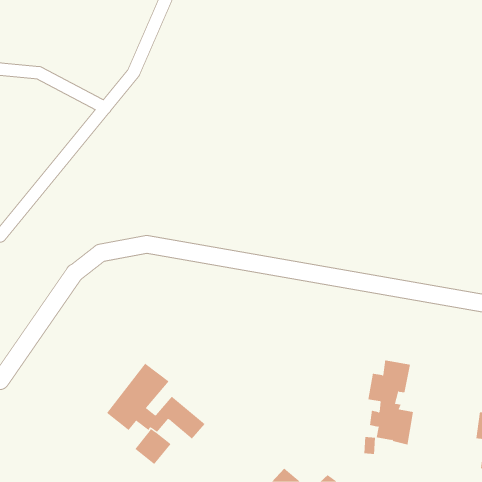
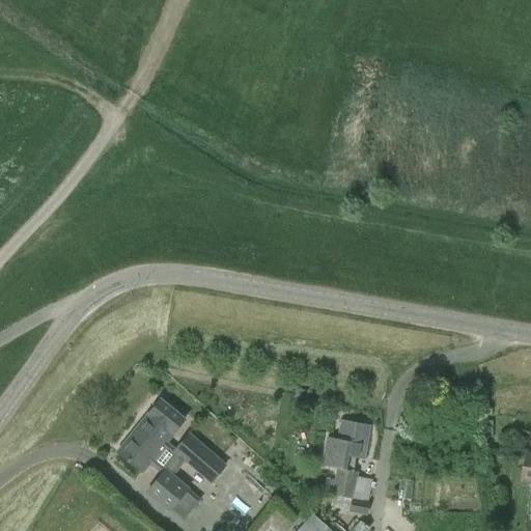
building: [367,360,414,445] -> [324,421,374,514]

